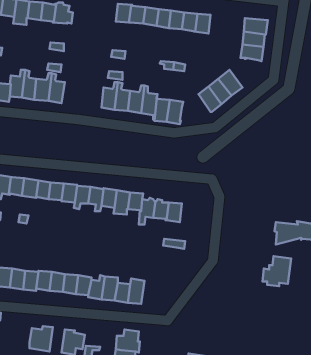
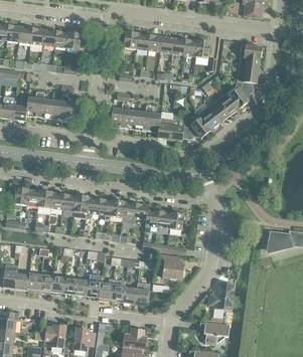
building: none -> [226,80,253,109]
building: none -> [181,117,210,139]
building: none -> [156,254,184,280]
building: [263,256,291,286] -> [208,282,235,309]
building: none -> [198,322,230,344]

